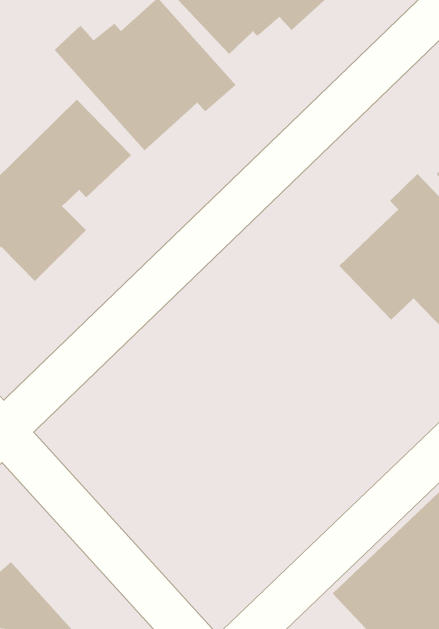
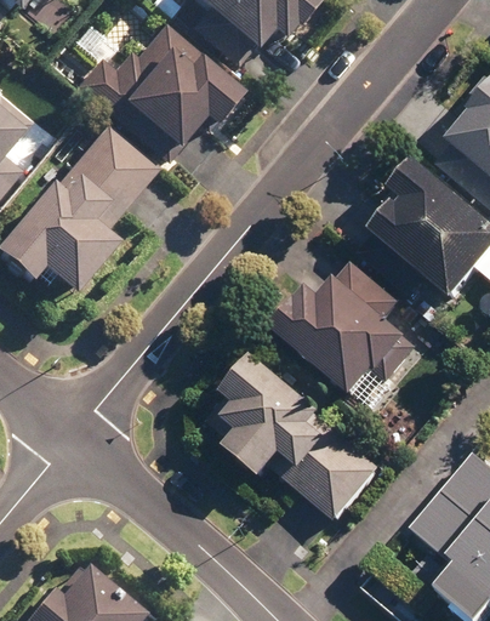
building: none -> [281,261,411,397]
building: none -> [209,353,383,520]

